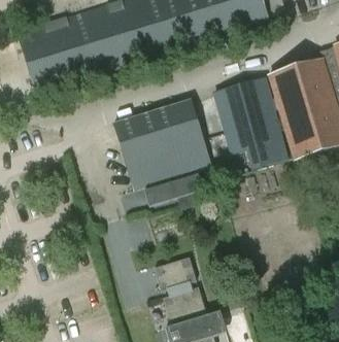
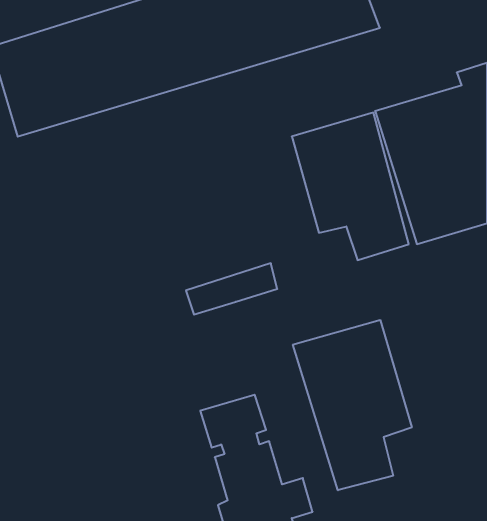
building: [113,97,212,190] -> none
building: none -> [293,320,412,490]

